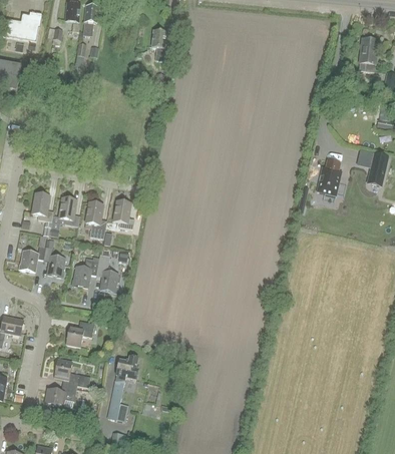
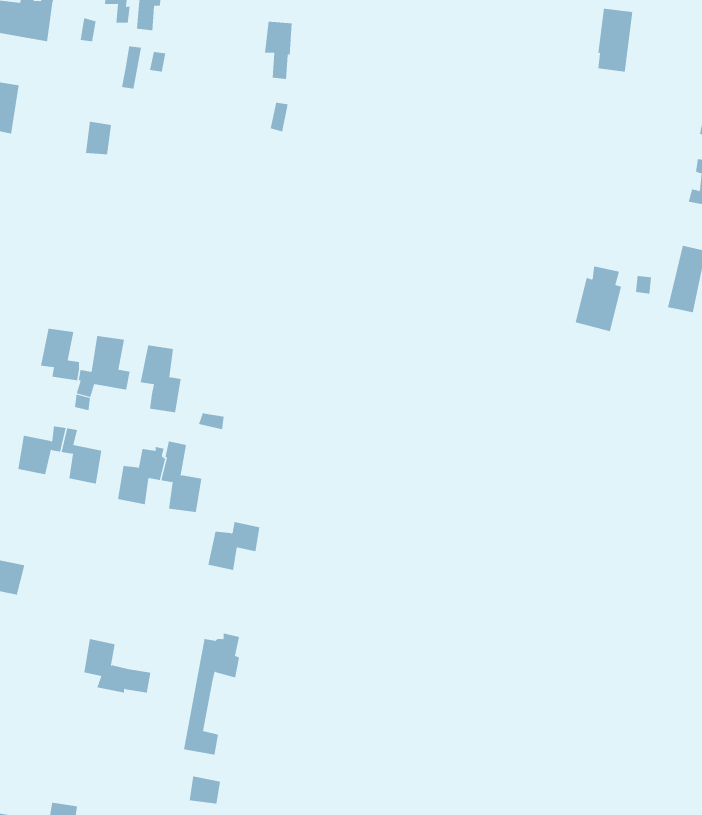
building: [359,37,378,71] -> [597,8,633,72]
building: [113,199,134,228] -> none
building: [66,320,94,346] -> [207,522,260,571]
building: [45,384,77,405] -> none

